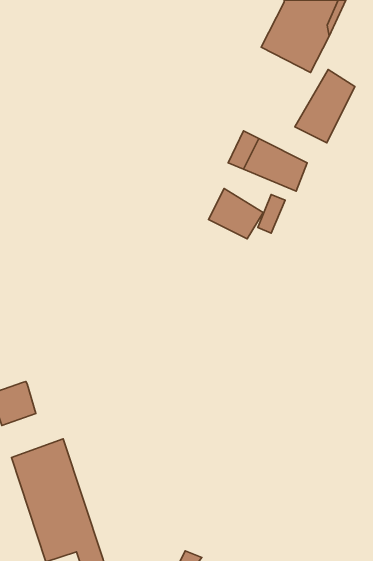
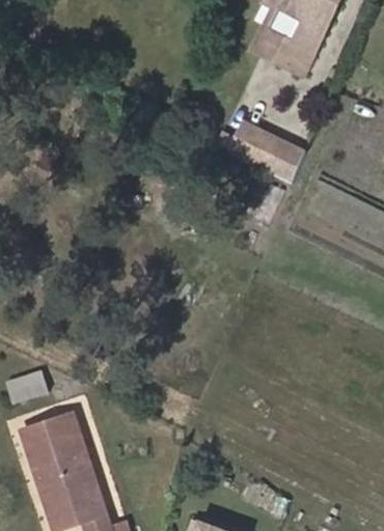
building: [295,69,355,143] -> none
building: [209,188,263,239] -> none

